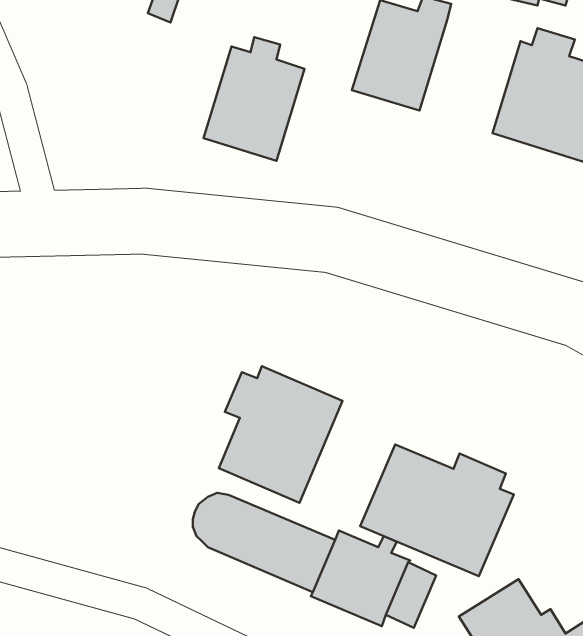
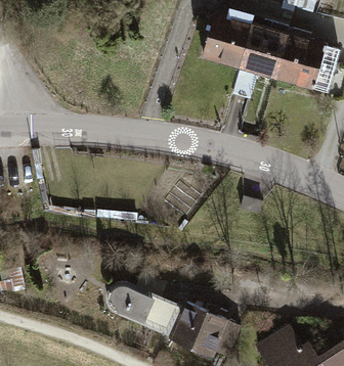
building: [204,37,305,161] -> [232,16,288,84]
building: [219,366,343,503] -> none
building: [360,444,514,576] -> none

